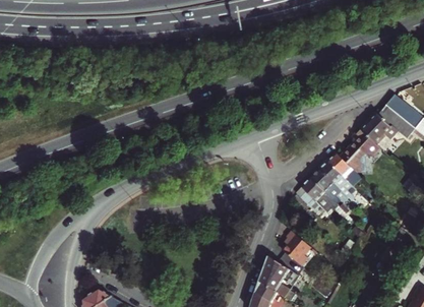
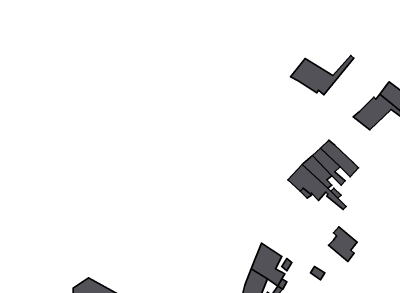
building: none -> [290,55,354,95]
building: [342,129,384,175] -> none
building: [282,231,310,265] -> [328,227,357,261]

